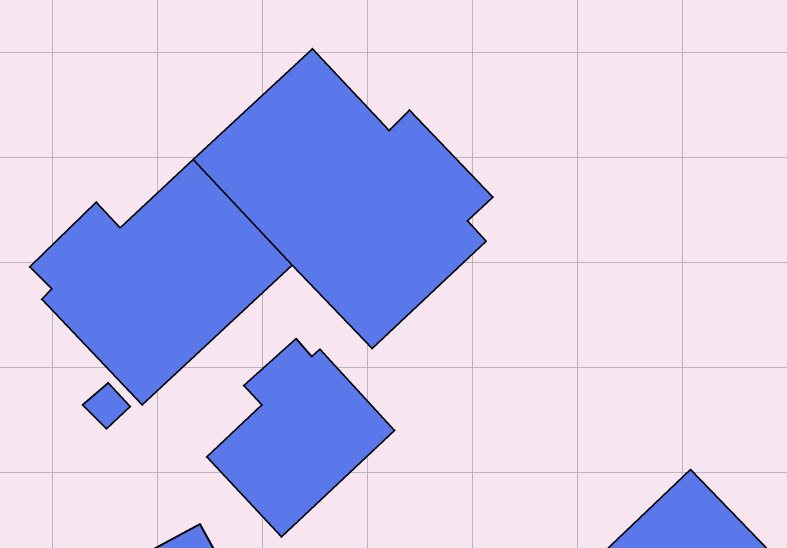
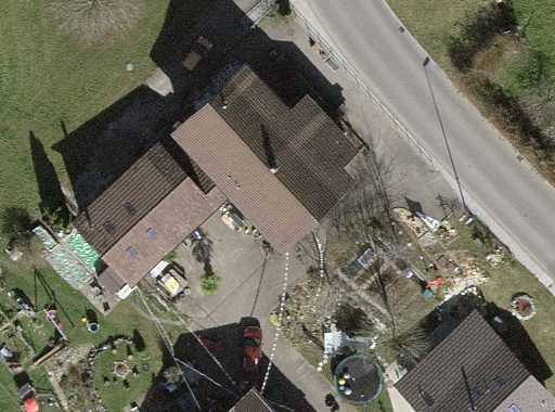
building: [207,339,395,537] -> none

